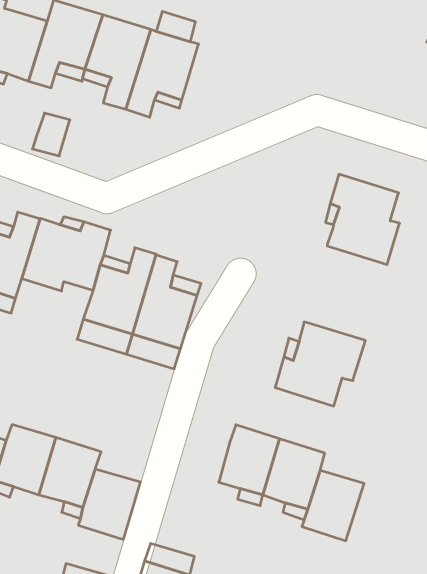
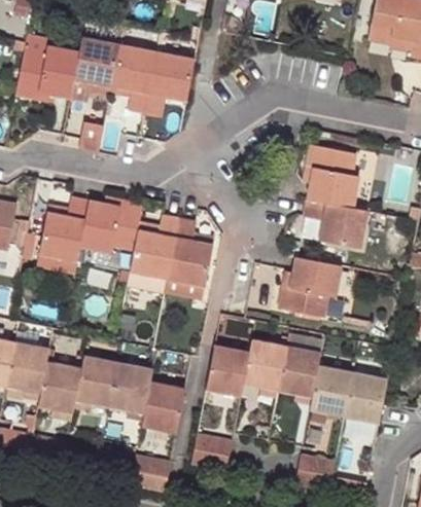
building: none -> [304,197,367,246]
building: none -> [206,346,249,396]
building: none -> [344,372,387,423]

